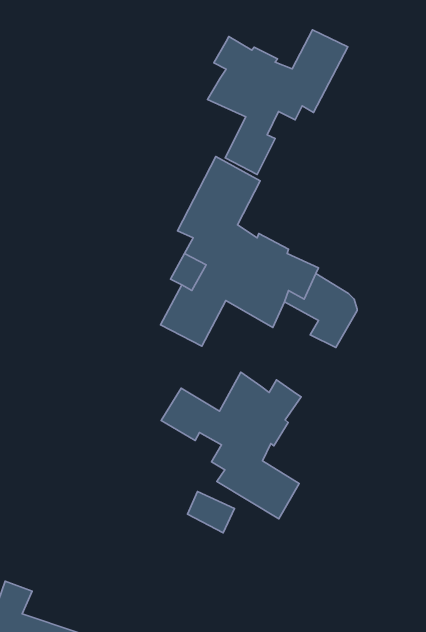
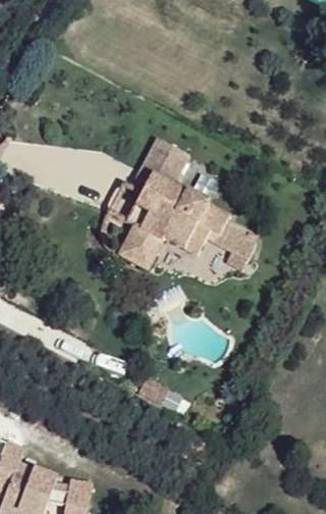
building: [208,30,348,174] -> none
building: [161,372,301,519] -> none

